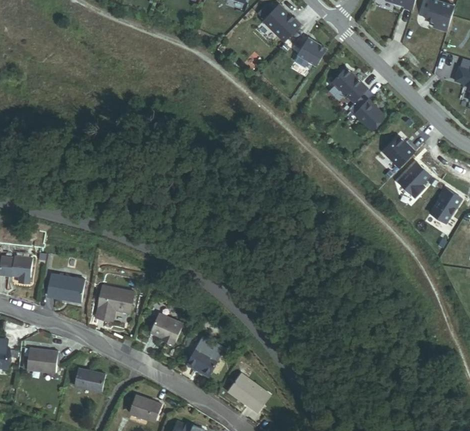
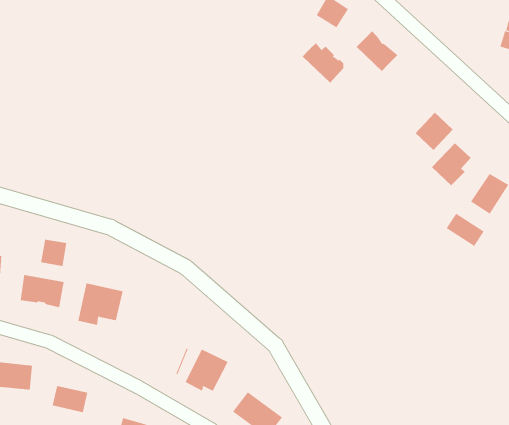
building: [348,96,384,131] -> [302,42,344,84]
building: none -> [446,213,485,247]
building: none -> [41,239,67,267]
building: [150,313,183,344] -> none

